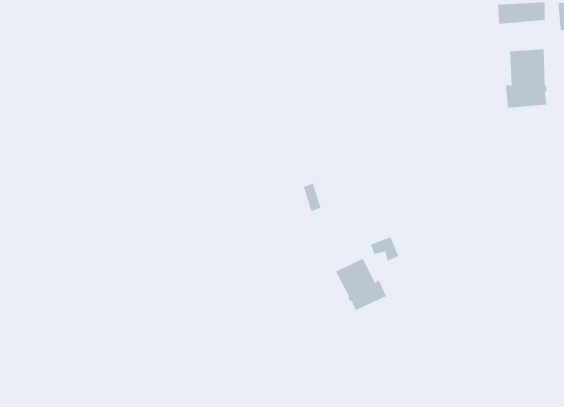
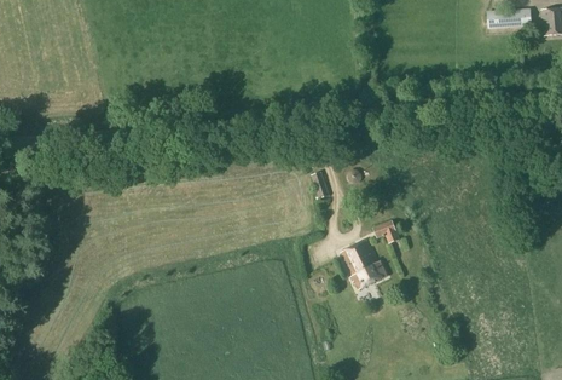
building: [505,49,547,108] -> none

